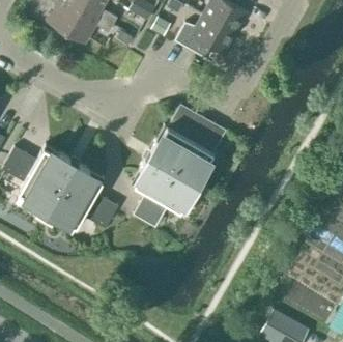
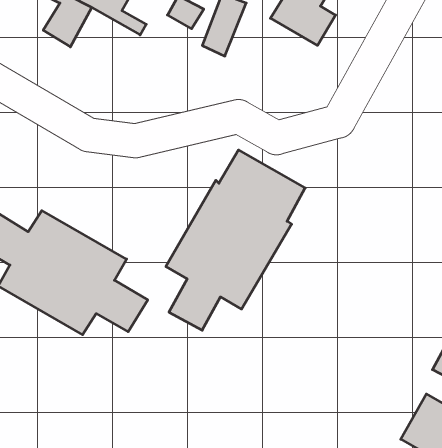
building: [66,6,114,44] -> none
building: [175,13,235,58] -> none

